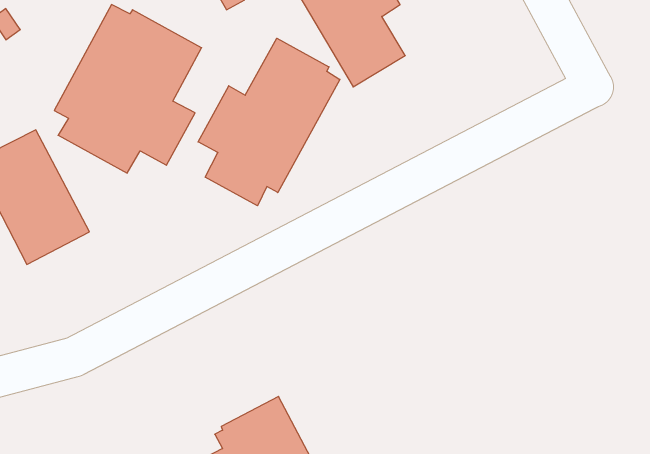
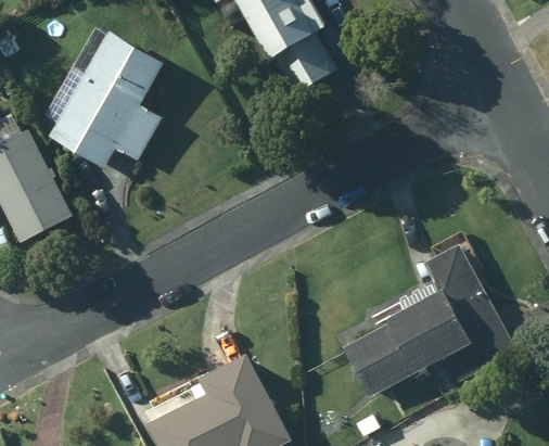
building: [198,38,340,206] -> none
building: none -> [333,245,508,398]

